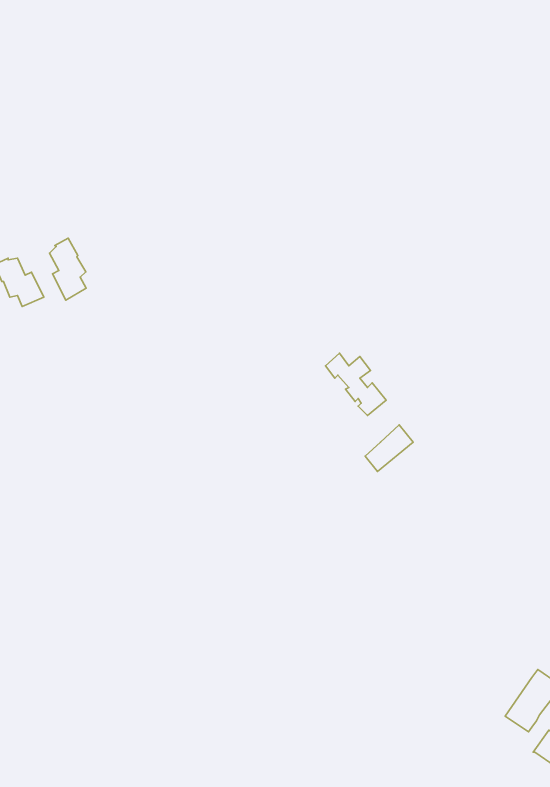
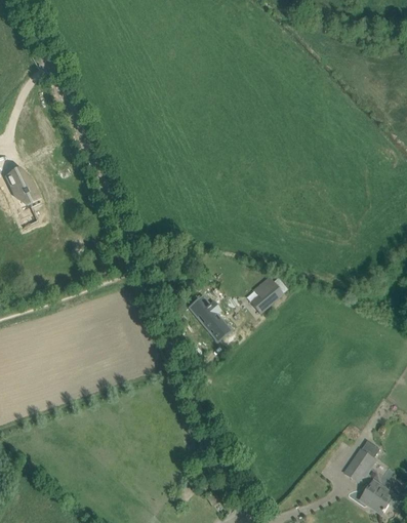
building: [49,238,86,300] -> none
building: [325,353,386,416] -> [190,298,230,339]

